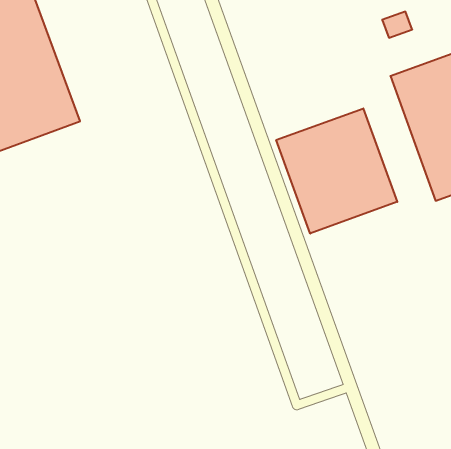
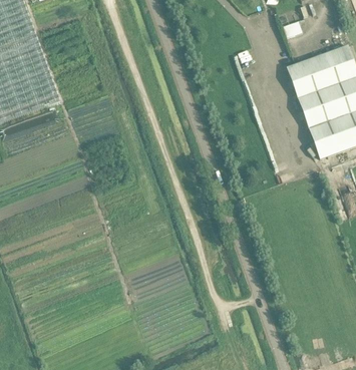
building: [276,108,397,234] -> none

